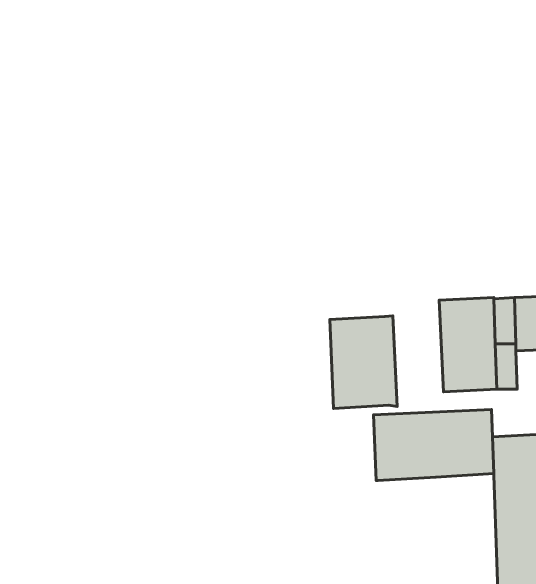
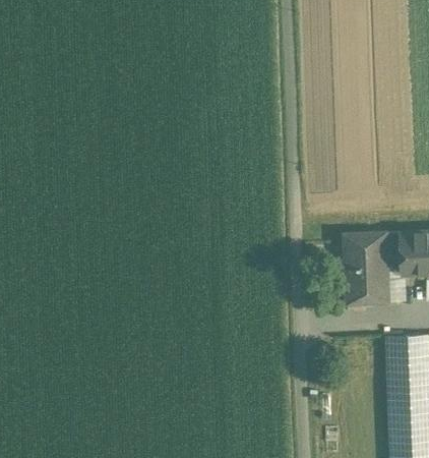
building: [330,316,397,408] -> none
building: [373,410,494,481] -> none

